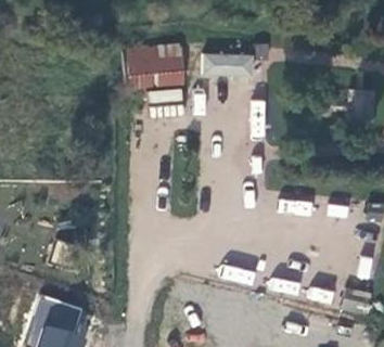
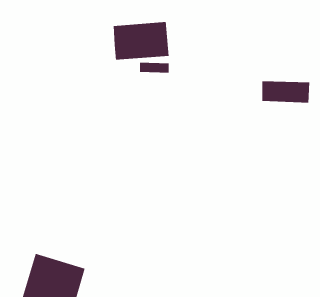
building: [202,52,254,76] -> [262,81,310,103]

